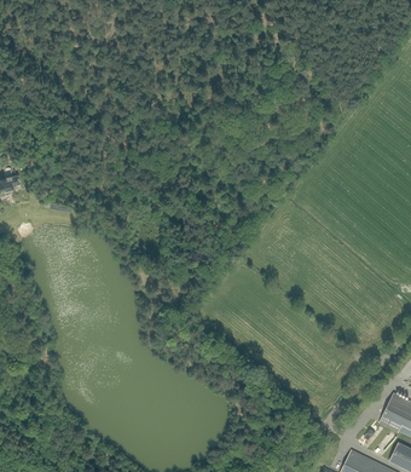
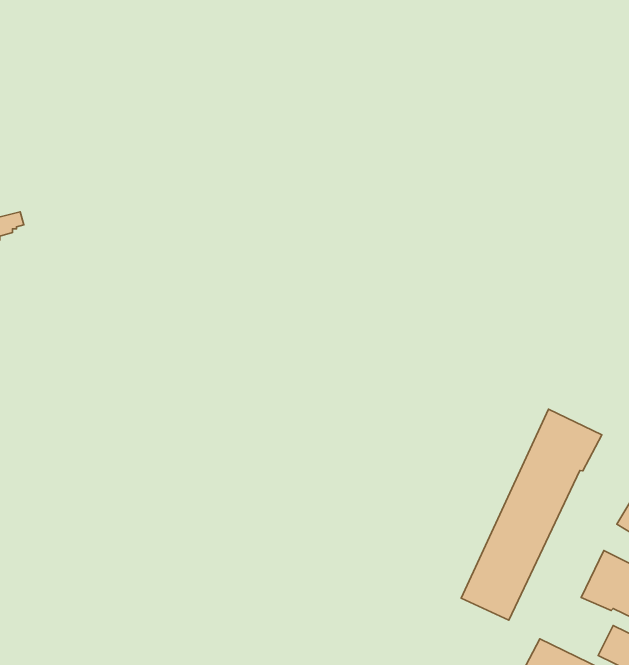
building: none -> [461,409,602,620]

